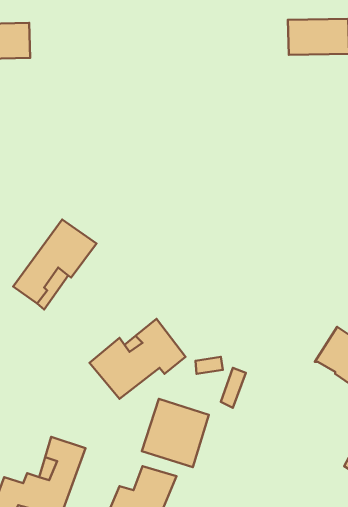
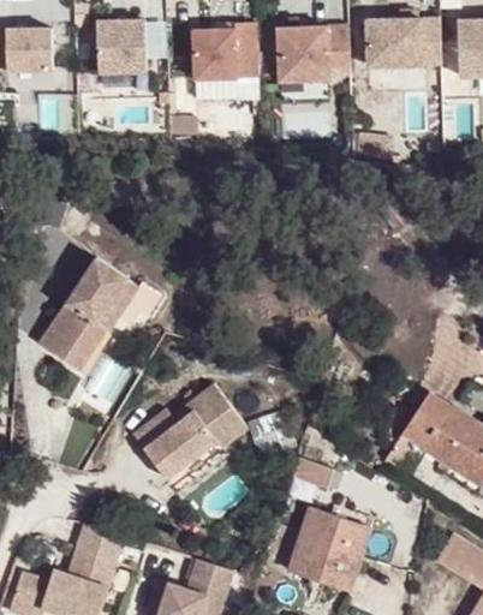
building: none -> [97,17,145,72]
building: none -> [196,26,257,79]
building: none -> [278,30,348,82]
building: [142,399,209,467] -> [287,507,368,589]

